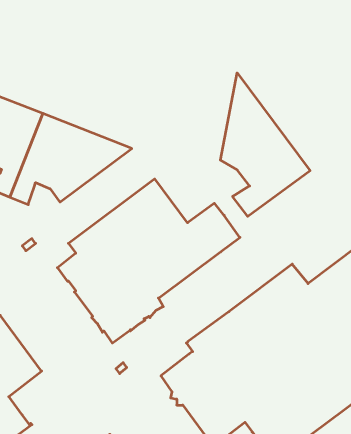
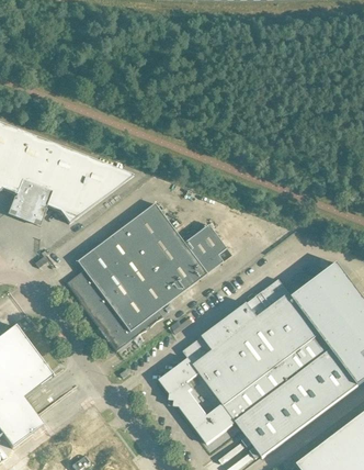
building: [220,73,310,216] -> none

